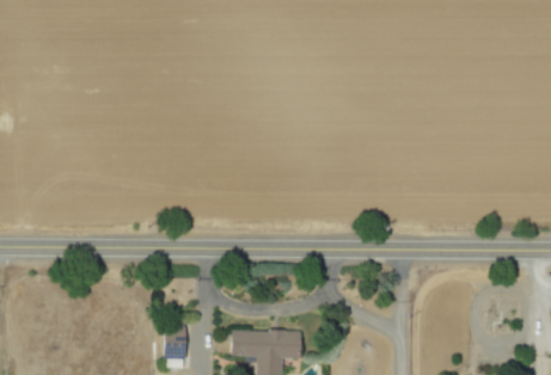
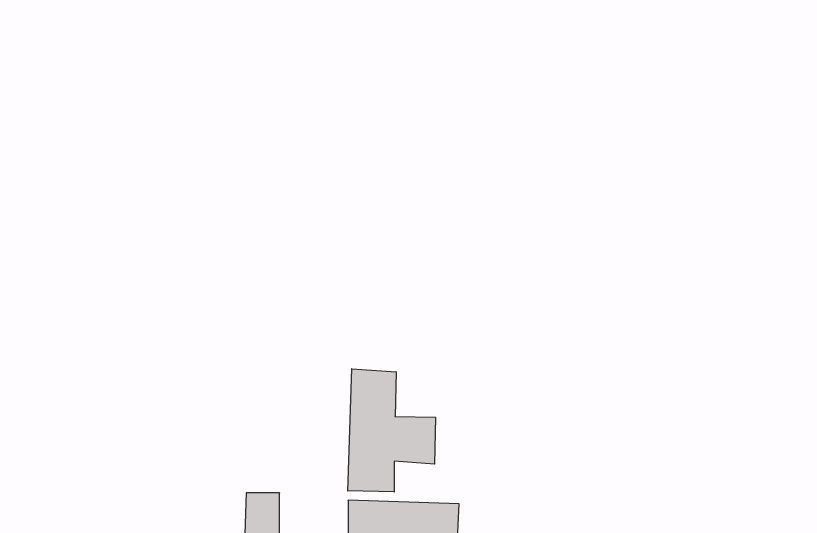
building: none -> [348,369,436,492]

